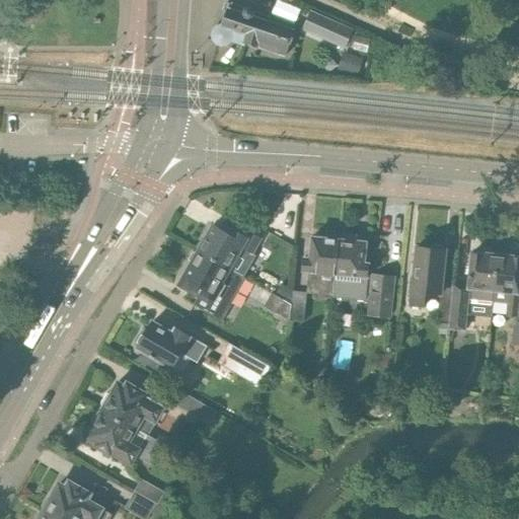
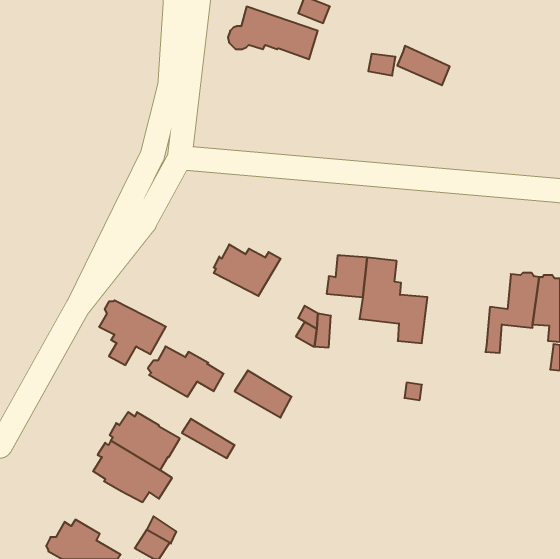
building: [303,10,352,47] -> [397,46,450,85]
building: [409,243,453,319] -> none
building: [183,252,245,312] -> [99,300,166,365]

